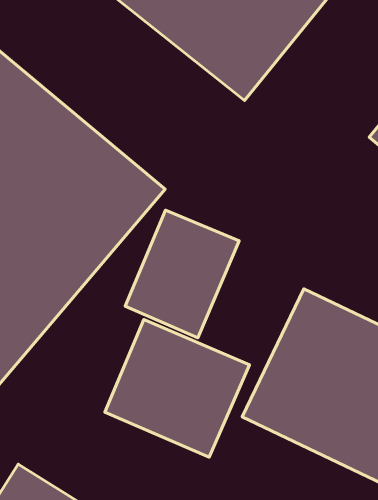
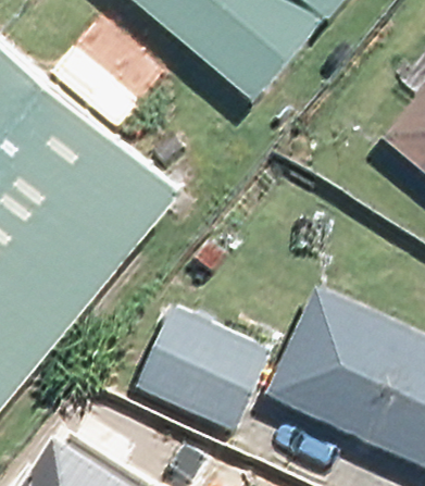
building: [125,210,239,338] -> none

